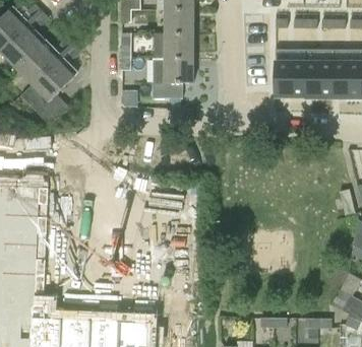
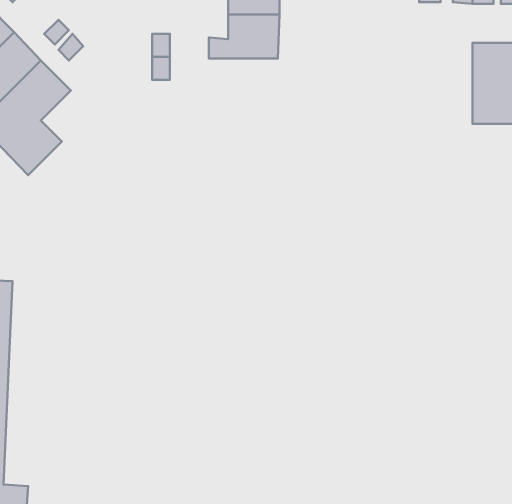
building: [276,51,305,97] -> none
building: [154,60,193,98] -> none

